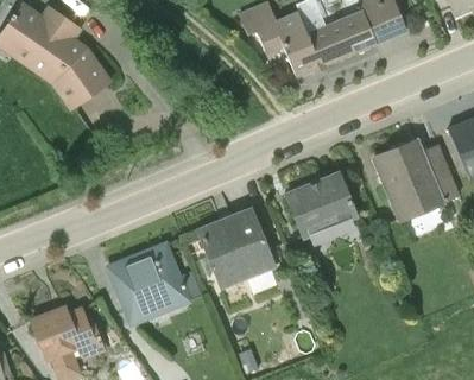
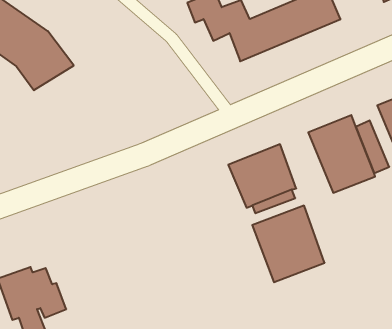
building: [197,205,277,290] -> [252,206,325,282]
building: [107,240,191,327] -> none

